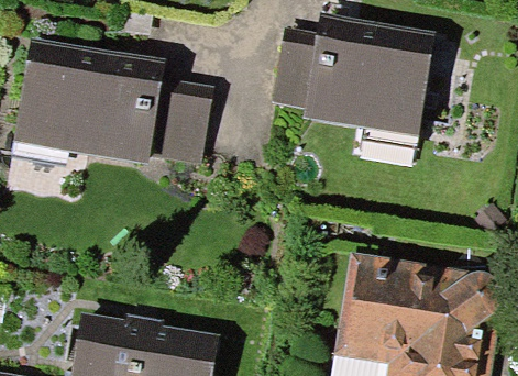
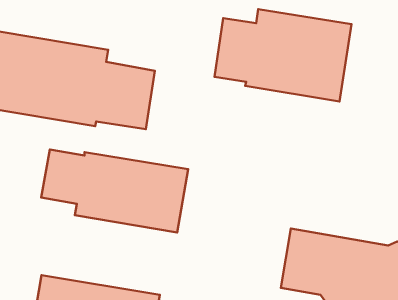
building: none -> [41,150,188,233]

